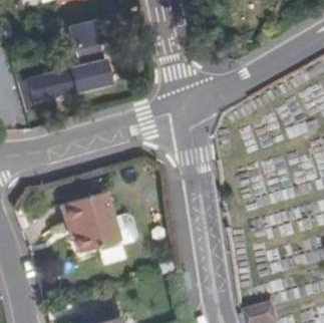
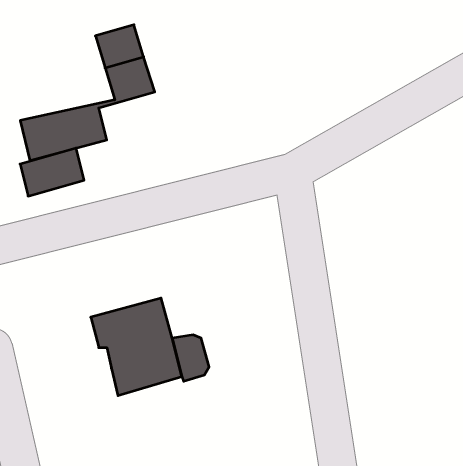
building: [67,62,107,92] -> [20,148,84,196]

